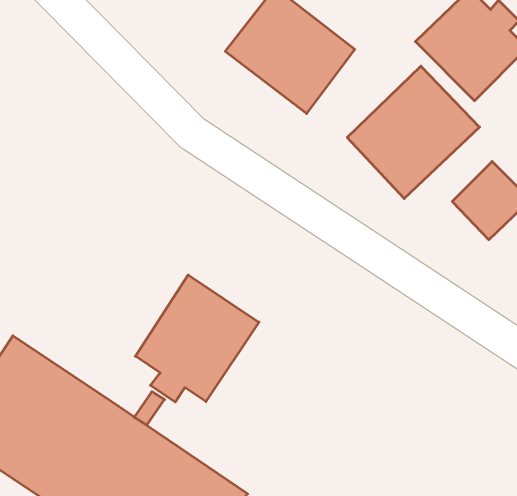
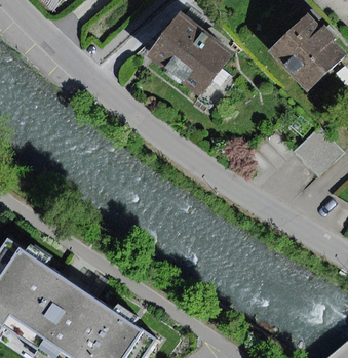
building: [347,66,480,199] -> none
building: [135,275,259,402] -> none

